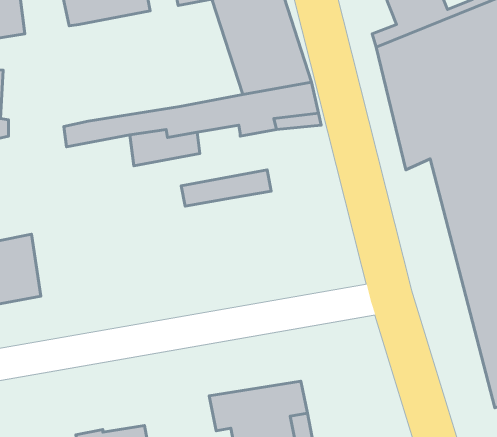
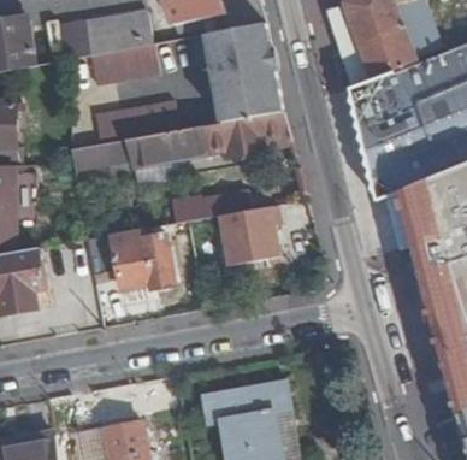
building: none -> [82,49,152,87]
building: none -> [87,104,172,148]
building: none -> [219,207,278,267]
building: none -> [84,231,173,293]

